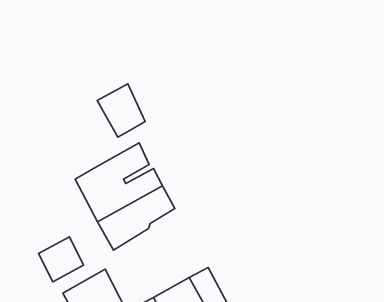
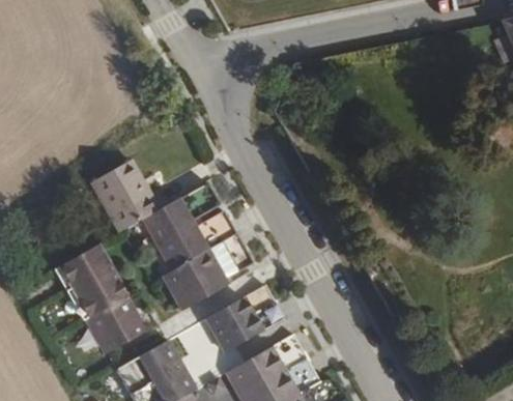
building: [97,84,145,137] -> [85,164,145,230]
building: none -> [51,244,115,316]
building: none -> [196,281,276,348]

